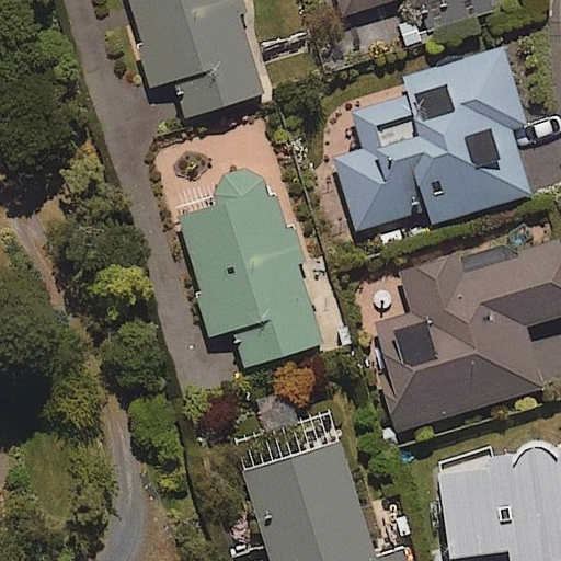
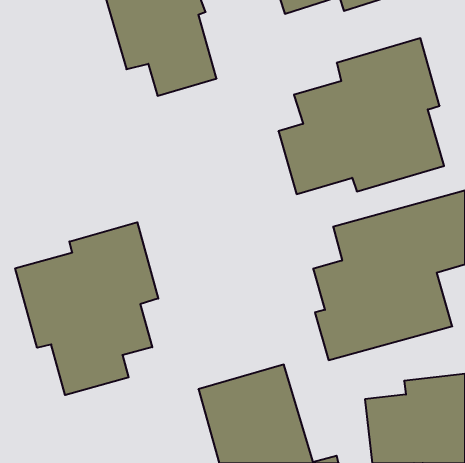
building: [181,170,321,367] -> none
building: none -> [15,222,158,395]

